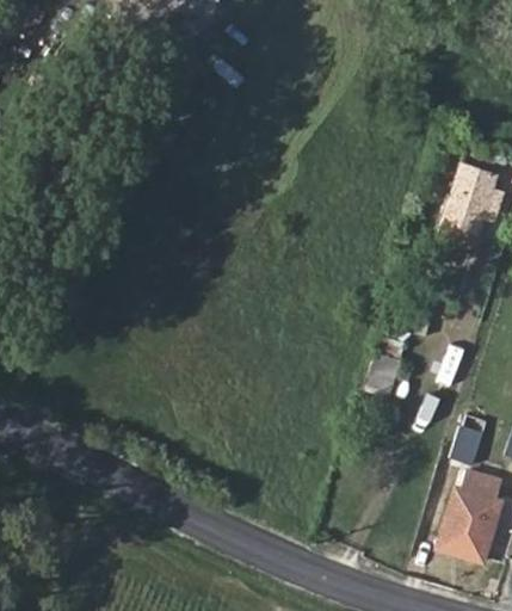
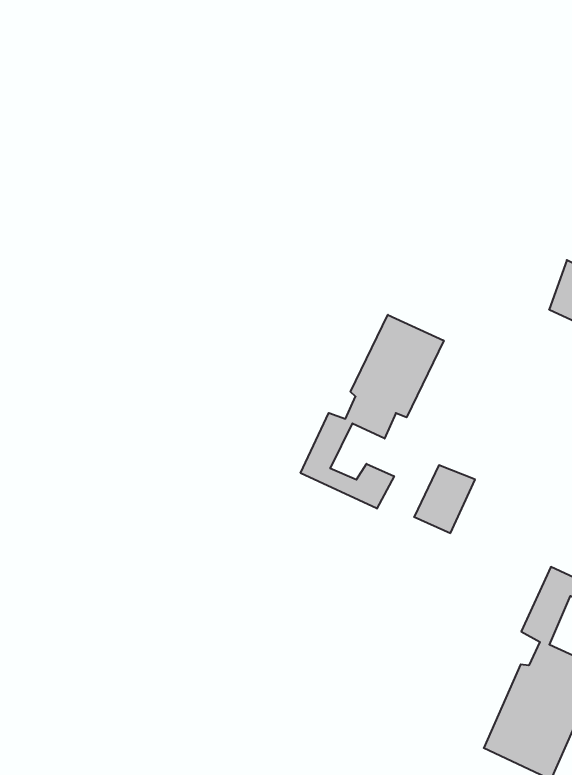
building: none -> [301,315,444,509]

